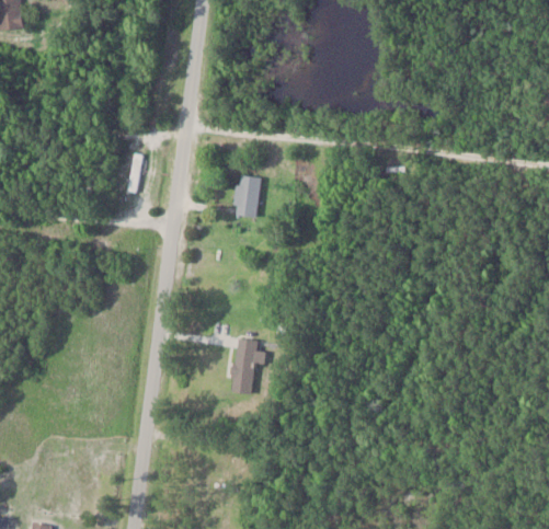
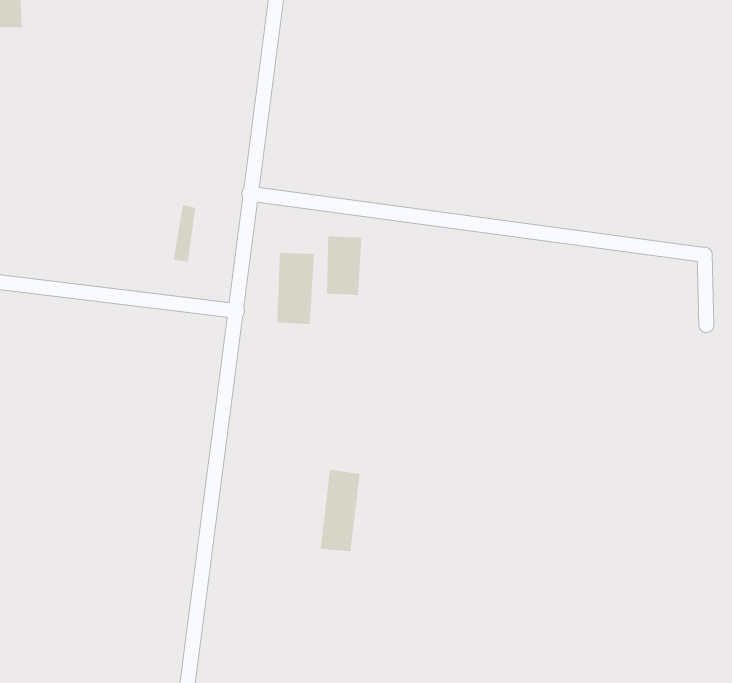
building: none -> [277,252,315,325]

